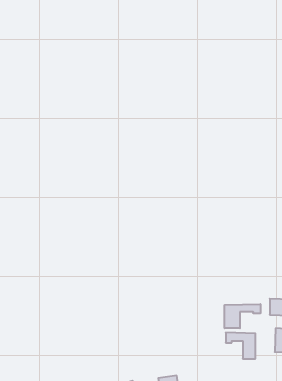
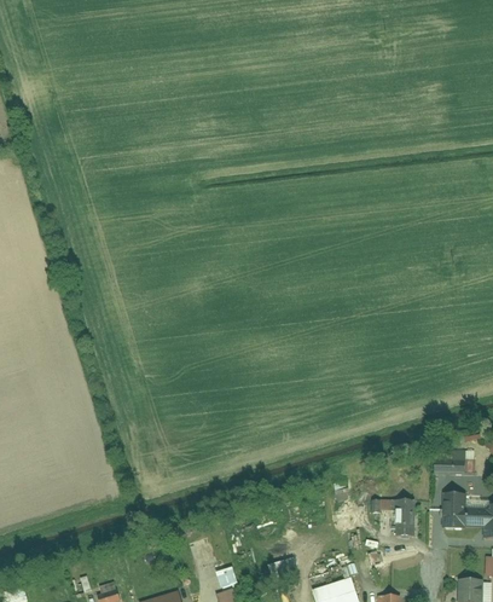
building: [225,304,260,328] -> none

